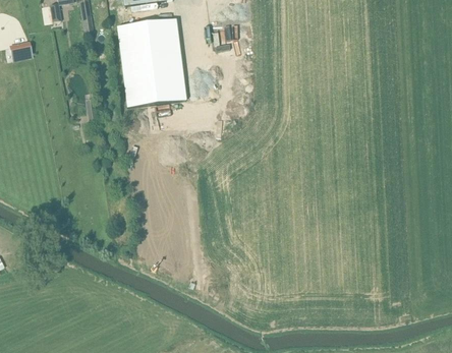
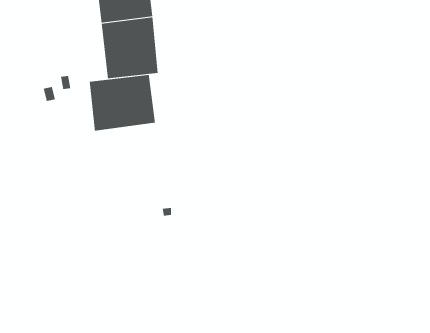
building: none -> [89,74,156,132]

